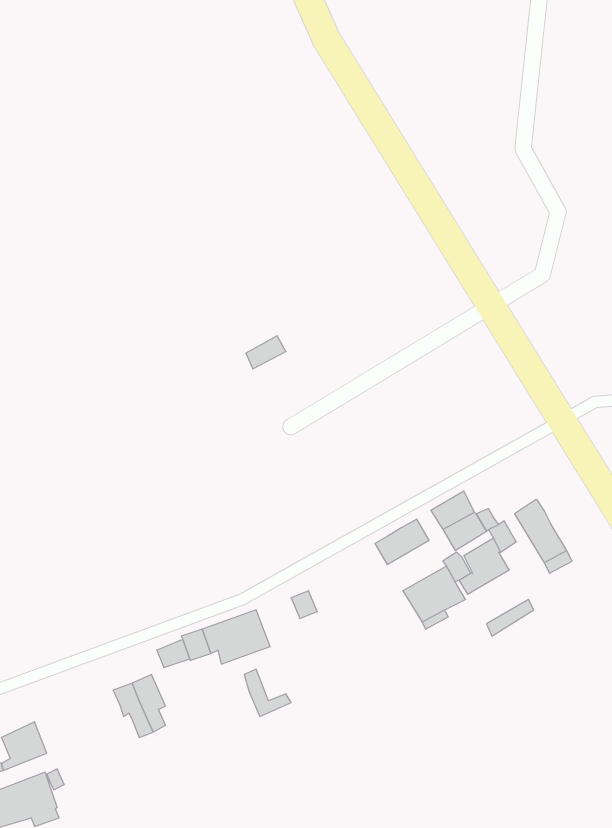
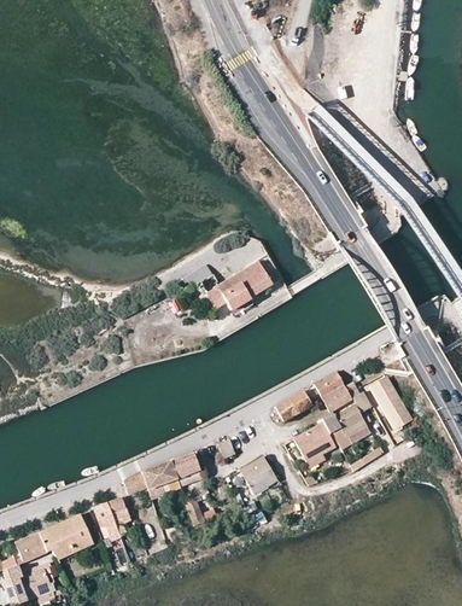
building: none -> [205,262,271,311]
building: none -> [239,458,276,495]
building: none -> [39,513,95,559]

